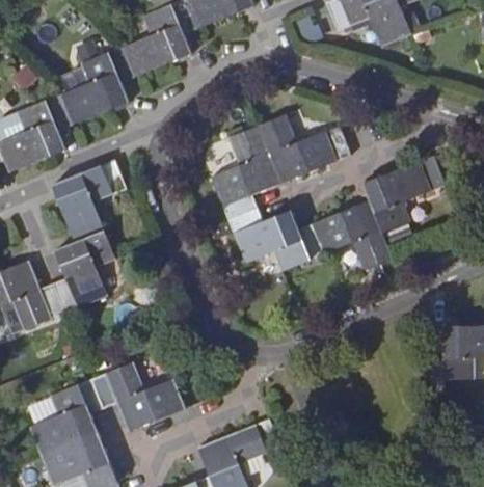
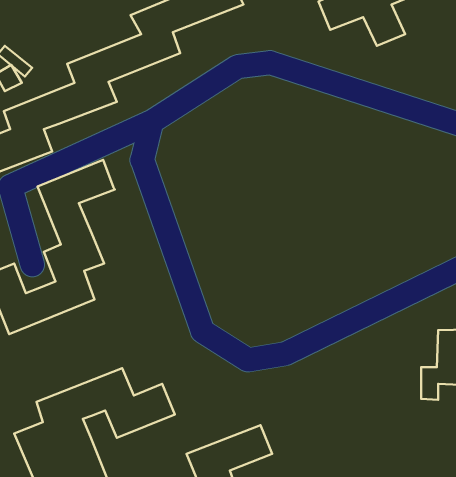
building: [210,115,445,271] -> none

